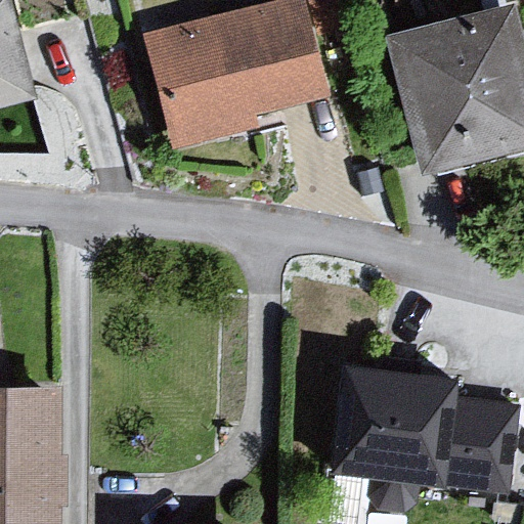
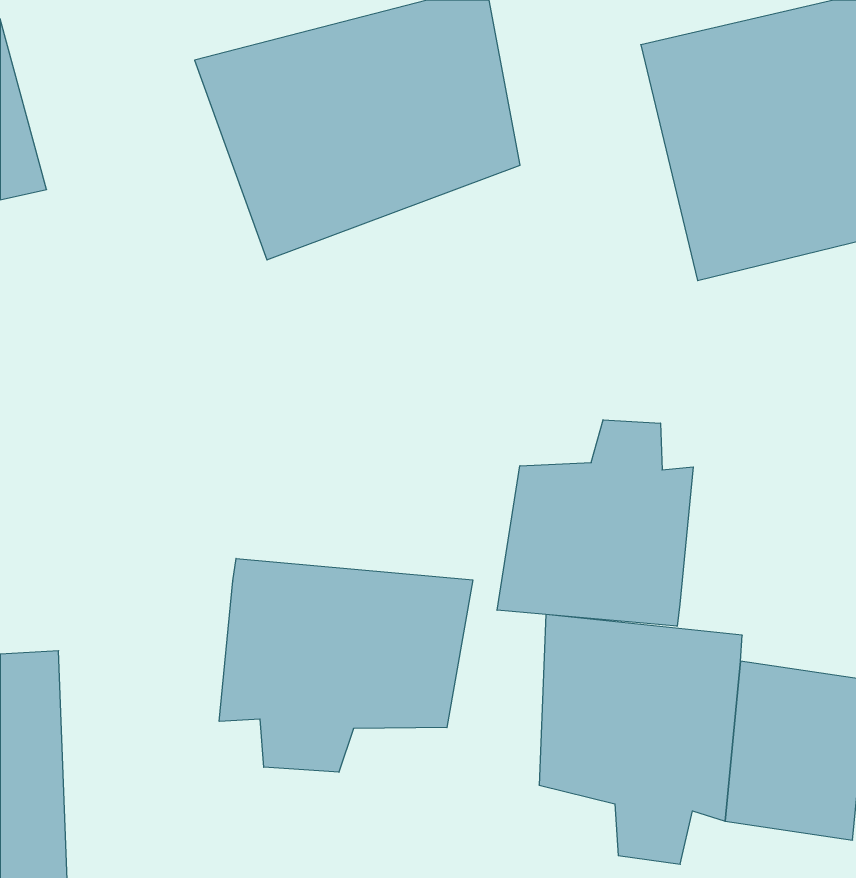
building: none -> [497,420,693,626]
building: none -> [219,558,473,772]

